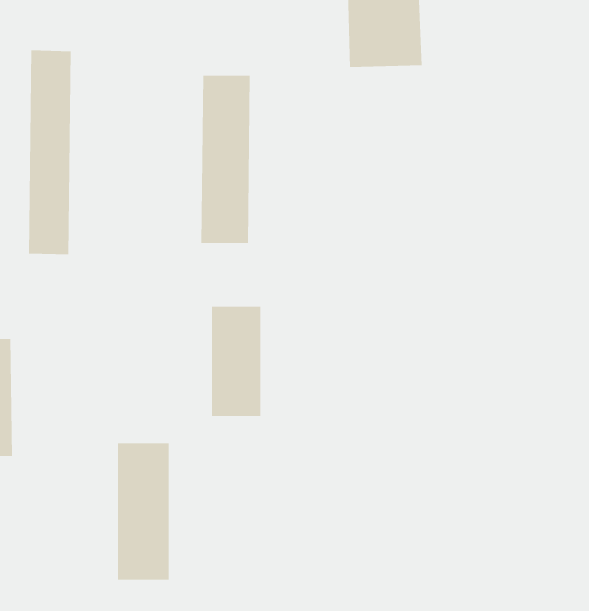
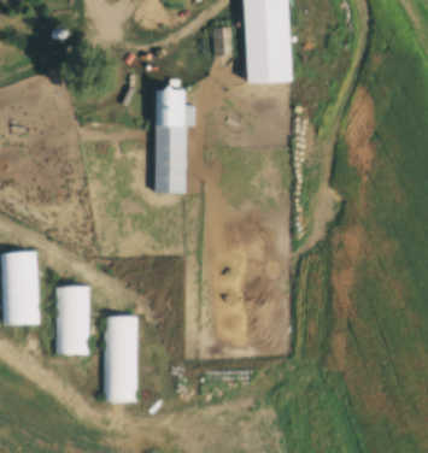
building: [29,50,71,255] -> none
building: [211,306,261,416] -> [57,284,88,353]

